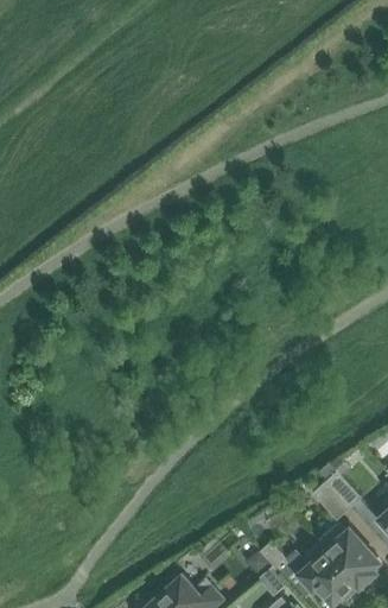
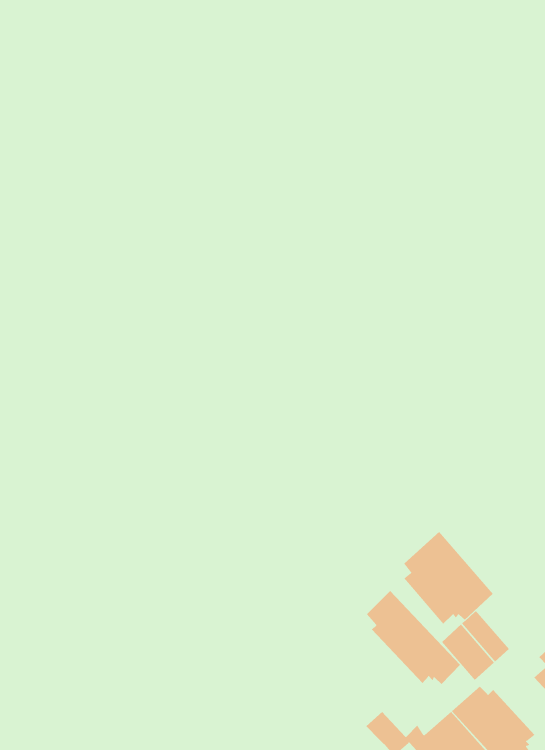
building: none -> [403,531,494,624]
building: none -> [366,590,461,685]

